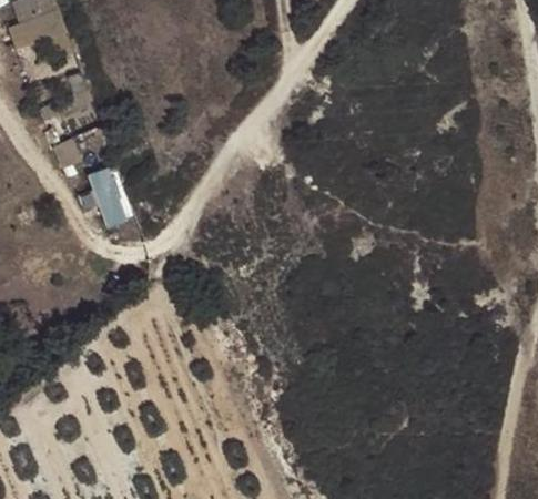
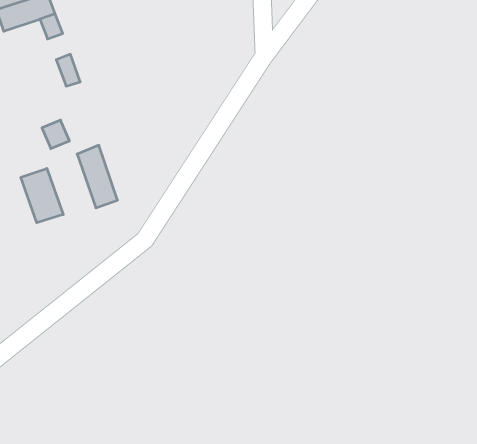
building: none -> [21,168,63,223]

